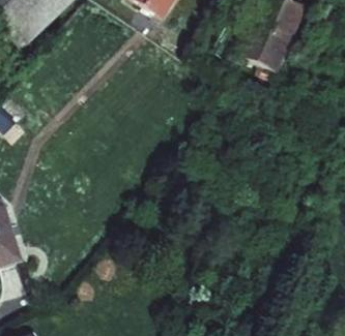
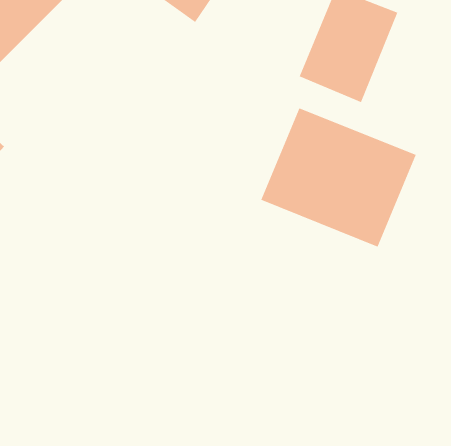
building: none -> [260,107,417,247]

